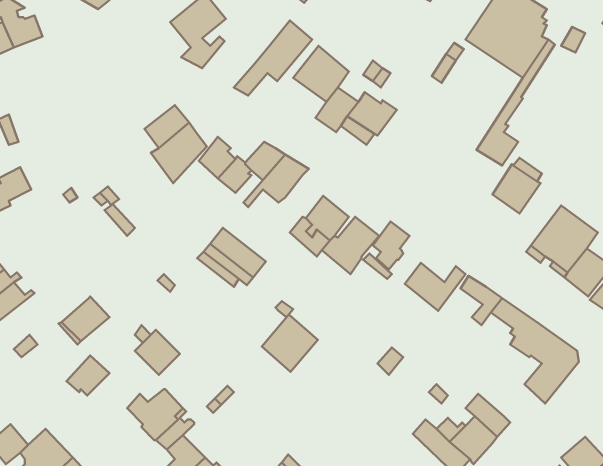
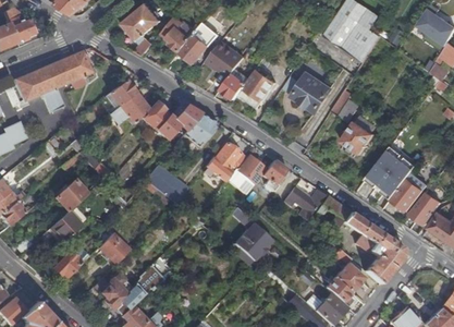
building: none -> [162,16,192,51]
building: none -> [13,49,94,111]
building: none -> [283,73,331,111]
building: none -> [54,179,88,211]
building: [262,314,318,372] -> [233,221,271,261]
building: none -> [333,249,364,292]

